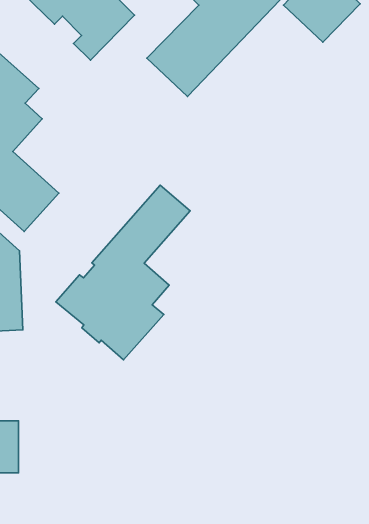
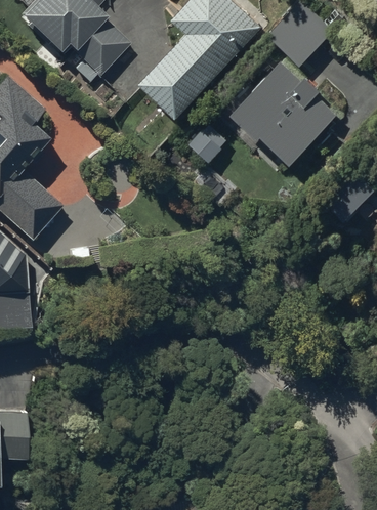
building: none -> [233,58,338,160]
building: [56,185,190,360] -> none

